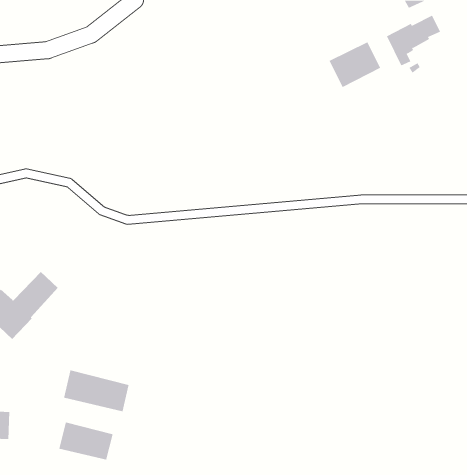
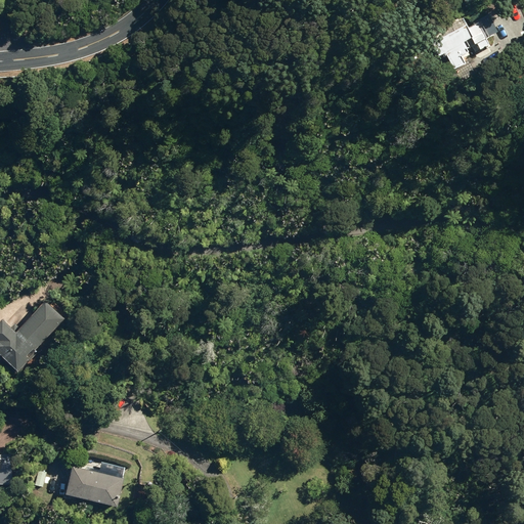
building: [329,42,381,88] -> none
building: [63,370,129,412] -> none

